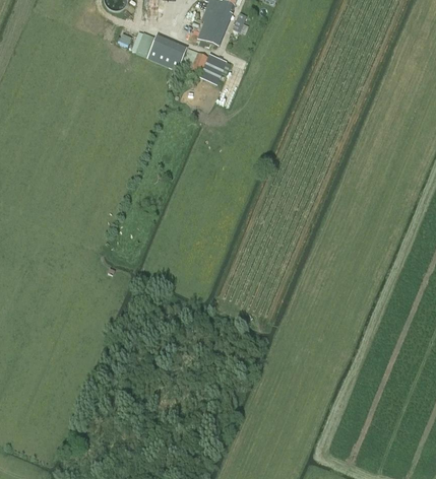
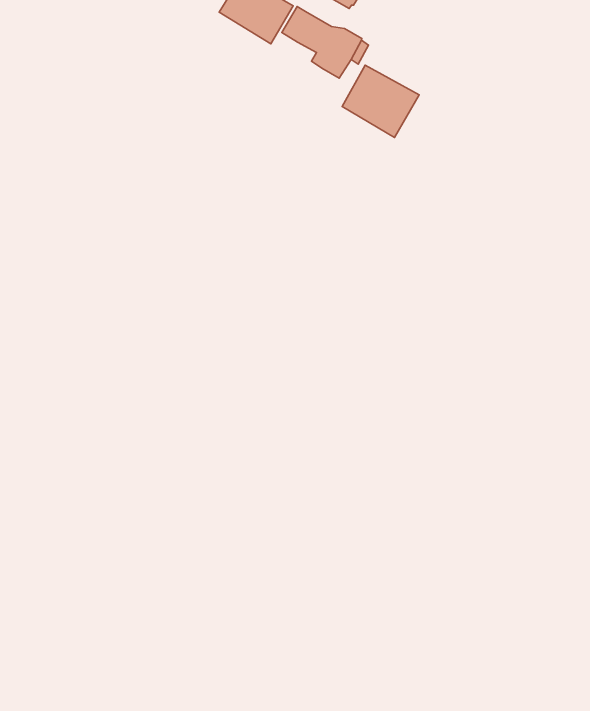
building: none -> [342,65,419,138]

